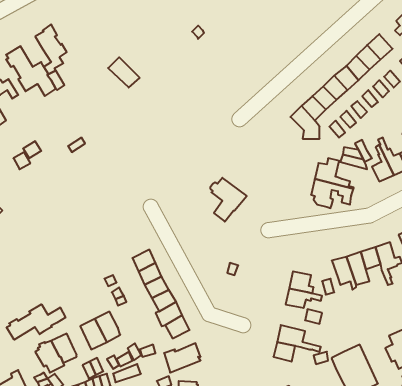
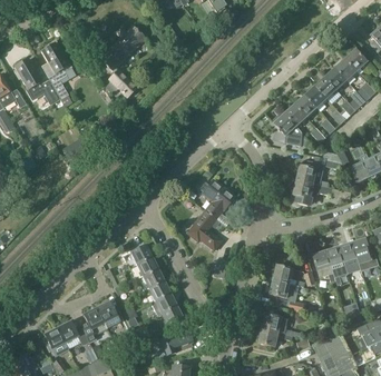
building: none -> [101,24,144,70]
building: none -> [186,211,221,249]
building: [7,304,65,340] -> none

